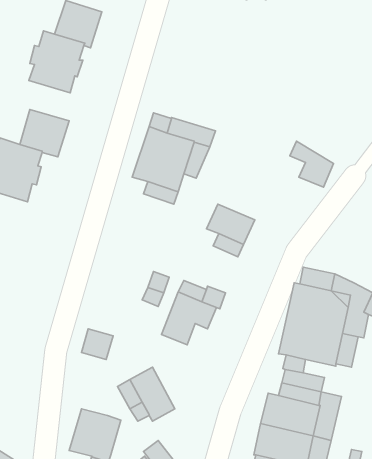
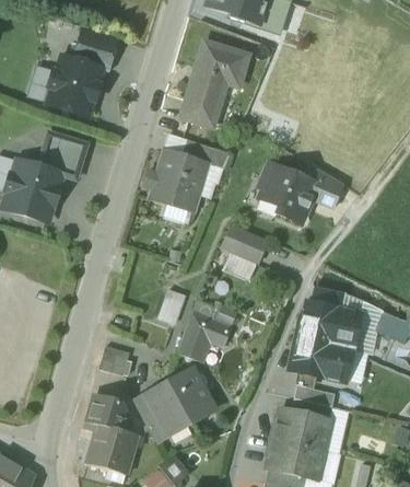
building: none -> [179,44,245,125]
building: none -> [258,164,316,223]
building: none -> [167,370,213,425]
building: none -> [85,396,128,432]

